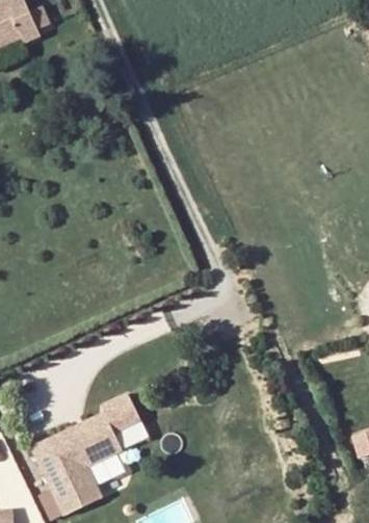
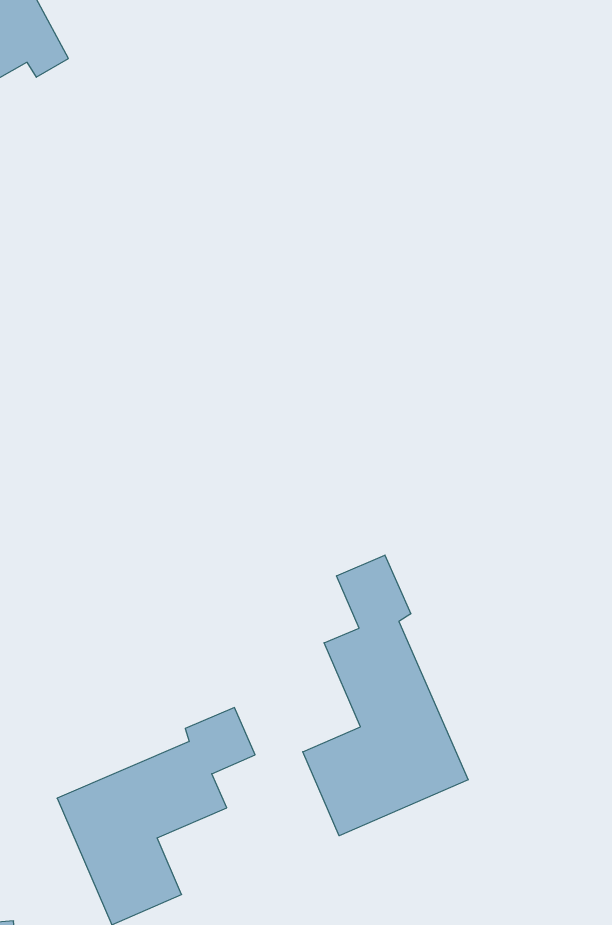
building: none -> [303,555,468,836]

